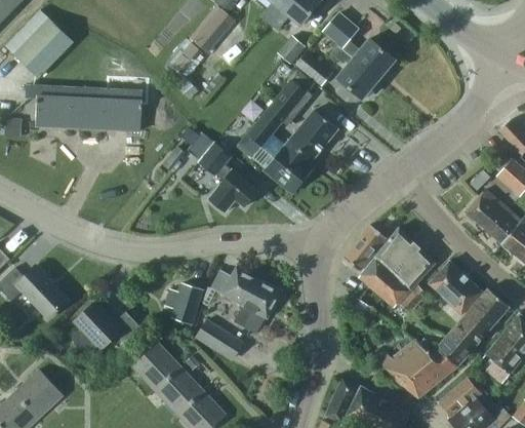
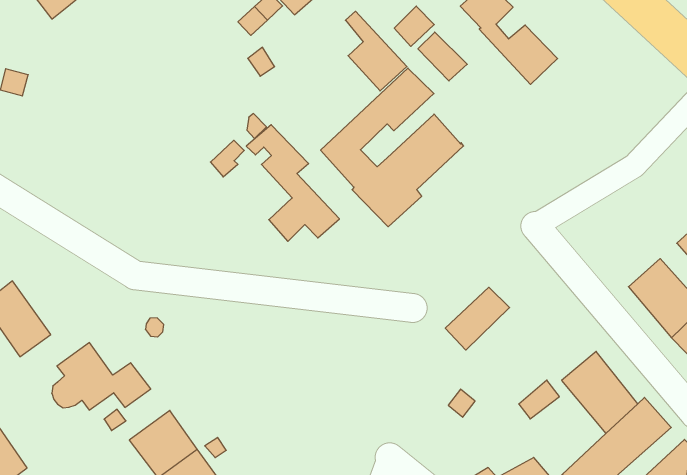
building: [331,46,378,100] -> [345,11,407,91]
building: [26,86,142,131] -> none
building: [358,228,435,308] -> none
building: [210,267,282,334] -> none
building: [169,282,204,326] -> none
building: [198,320,242,360] -> none

